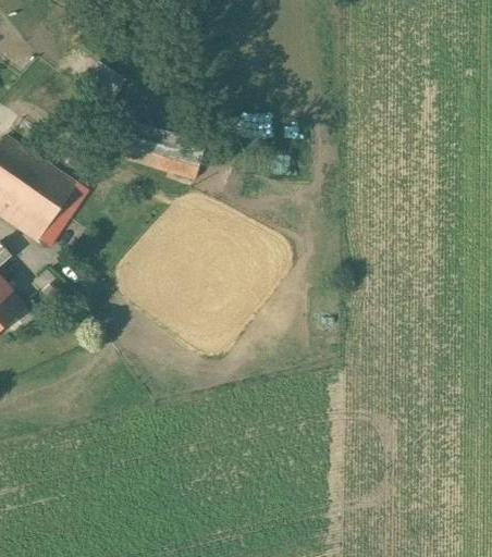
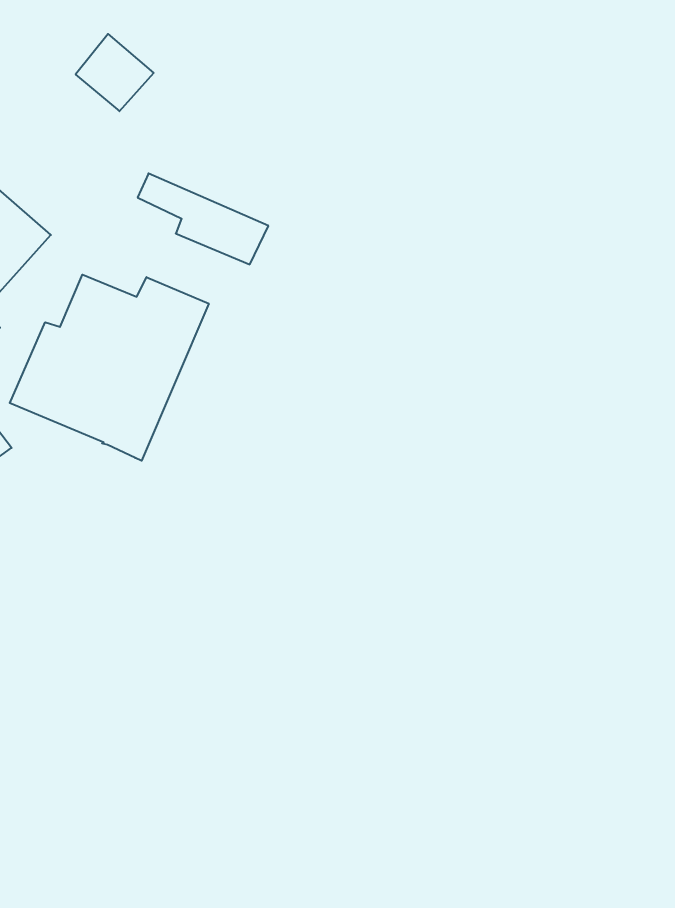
building: none -> [10,275,209,461]

